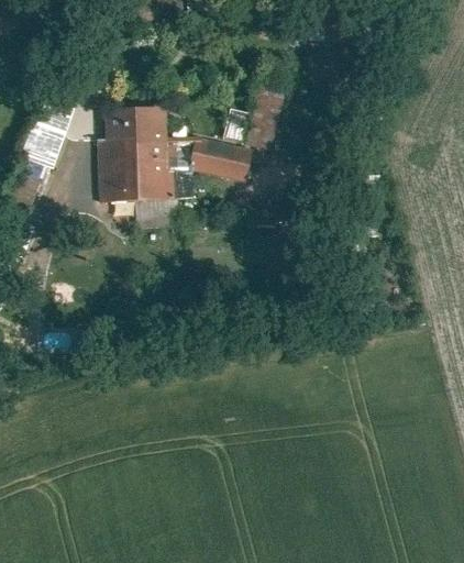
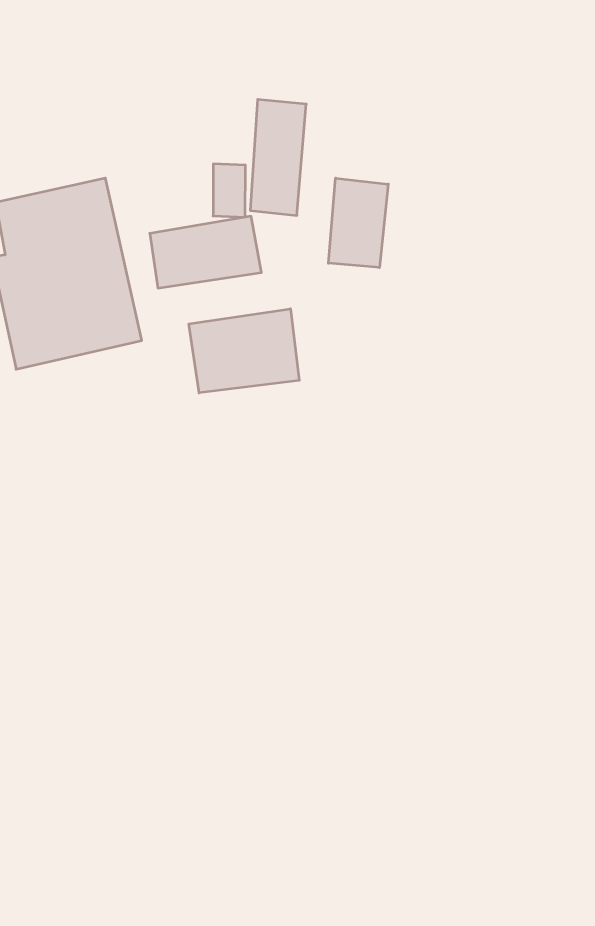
building: none -> [328,178,388,268]
building: none -> [189,309,299,393]

